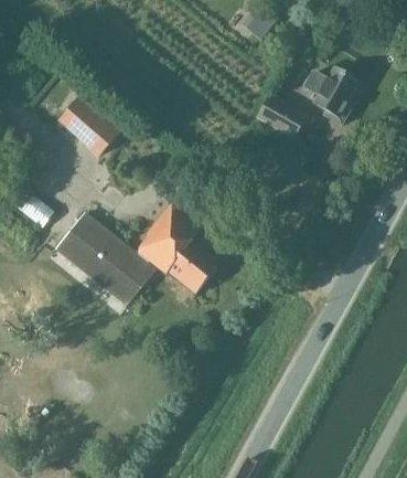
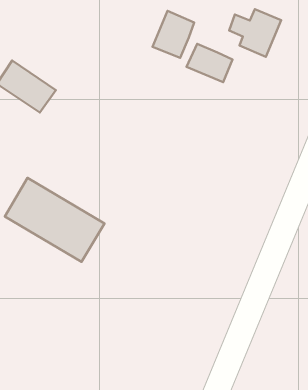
building: none -> [152,11,194,58]
building: [135,202,221,291] -> none

